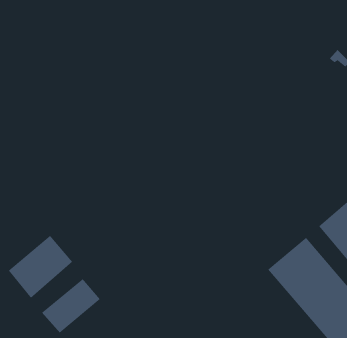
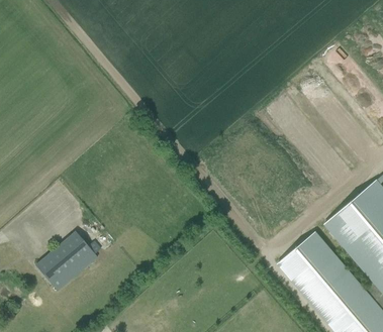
building: [41,278,101,334] -> none

